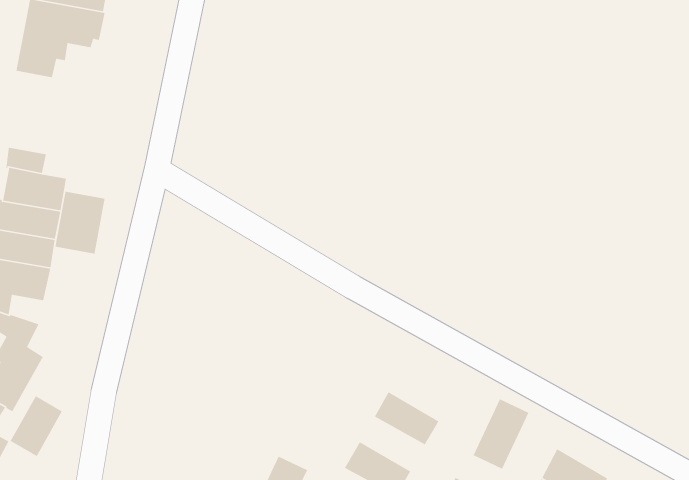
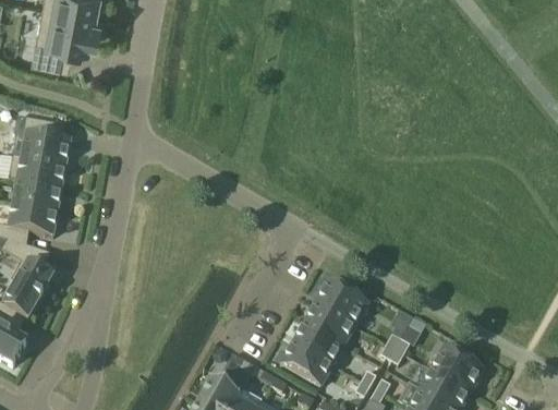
building: [54,191,105,255] -> none
building: none -> [316,280,368,326]
building: [10,395,63,457] -> none
building: none -> [294,323,344,364]

